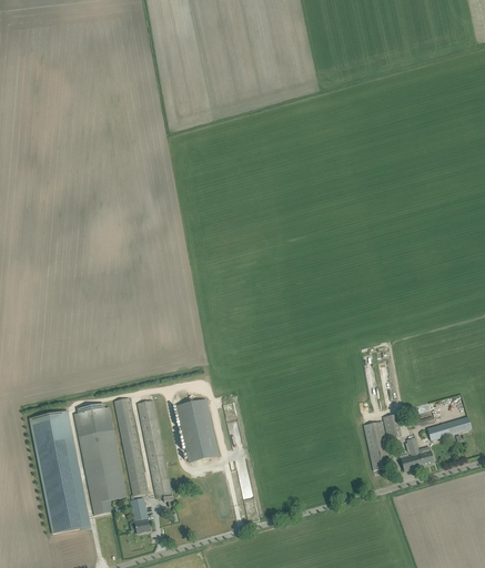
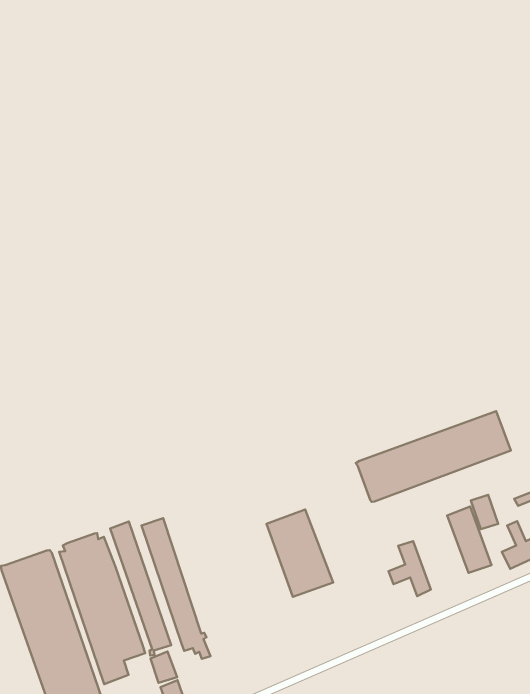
building: none -> [356,411,511,502]
building: [175,398,219,462] -> [266,509,333,597]
building: none -> [388,541,431,596]

